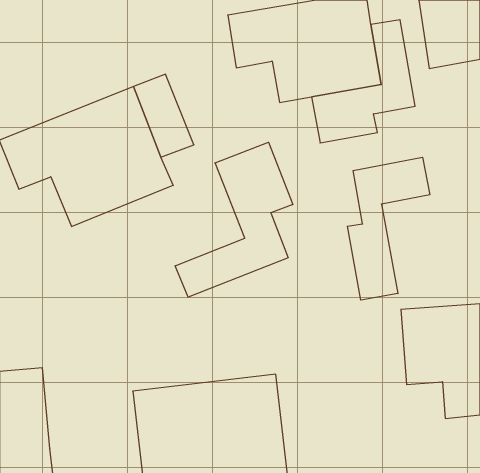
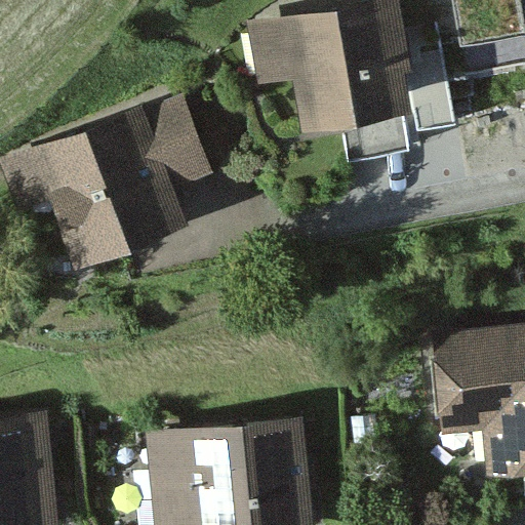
building: [175,142,293,297] -> none
building: [347,157,430,300] -> none

